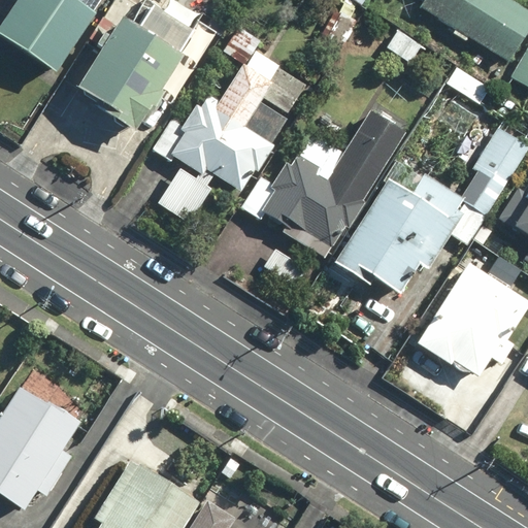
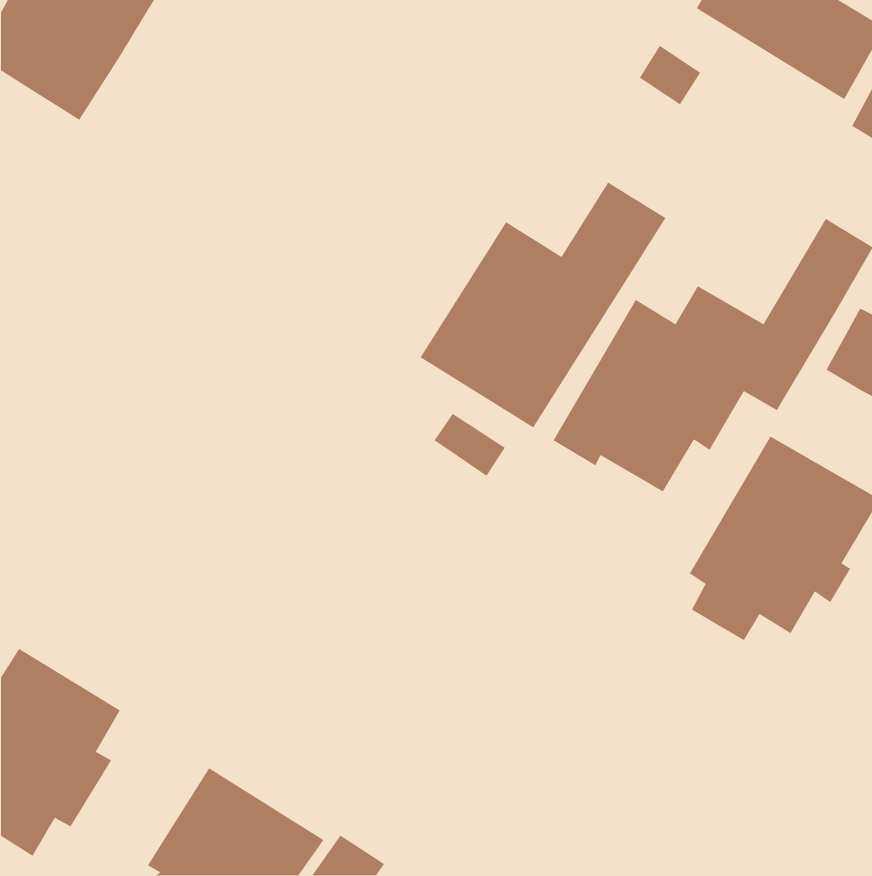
building: [76,7,193,133] -> none
building: [155,26,308,221] -> none

